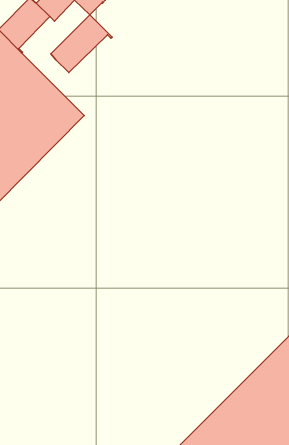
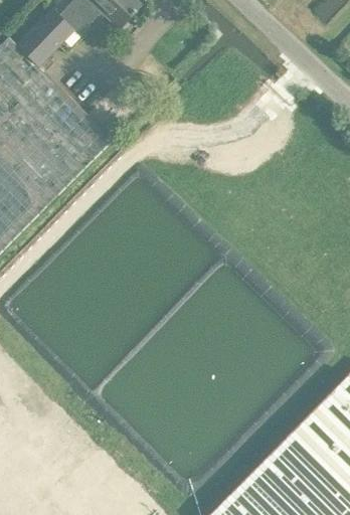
building: [51,15,112,73] -> none

